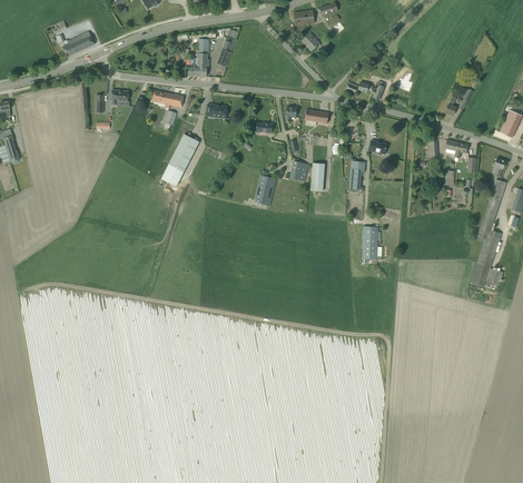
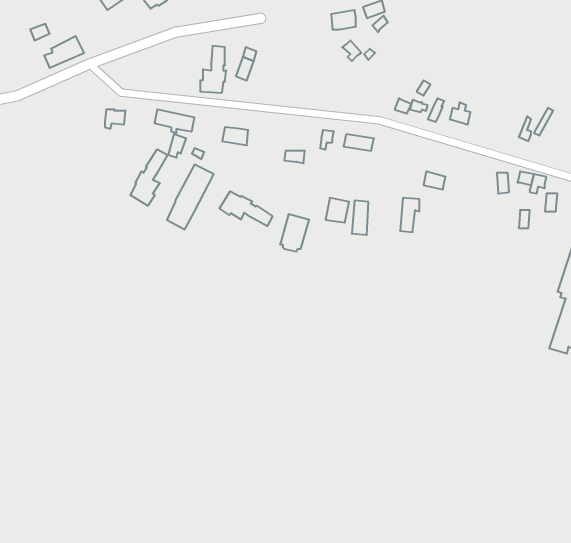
building: none -> [130,149,167,206]
building: none -> [220,191,272,226]
building: [362,226,382,259] -> none

